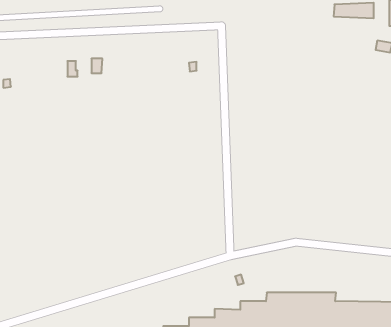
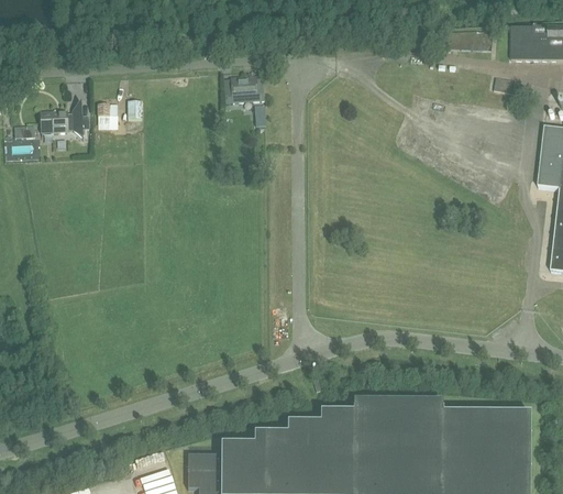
building: none -> [231,74,257,95]
building: none -> [41,100,89,139]

